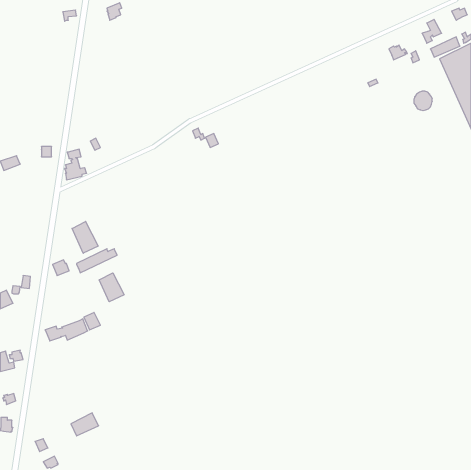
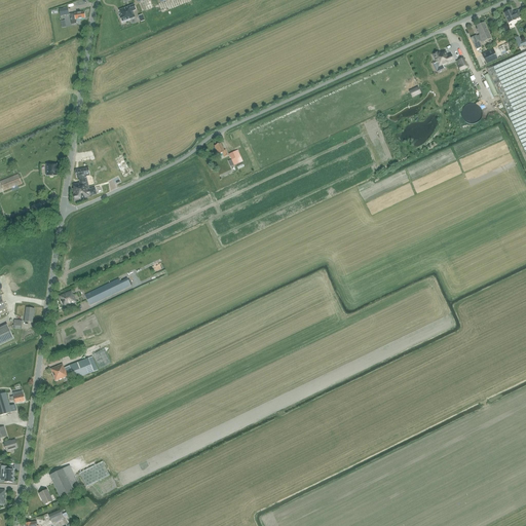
building: [72,221,98,253] -> none
building: [99,273,124,302] -> none
building: none -> [49,467,75,498]

